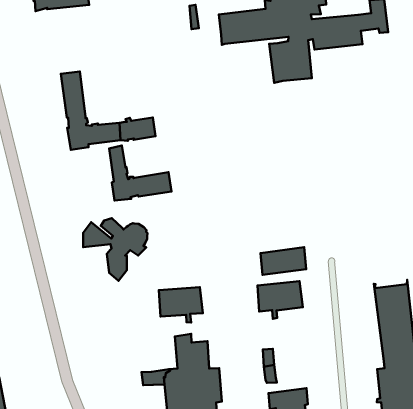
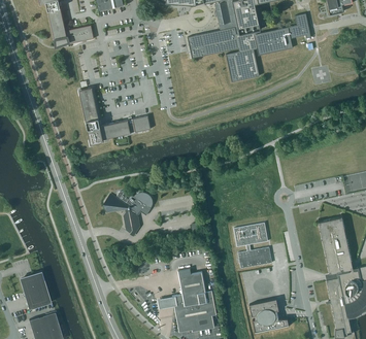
building: [109,145,171,201] -> none
building: [260,247,306,275] -> [238,248,272,271]
building: [159,287,203,322] -> none

